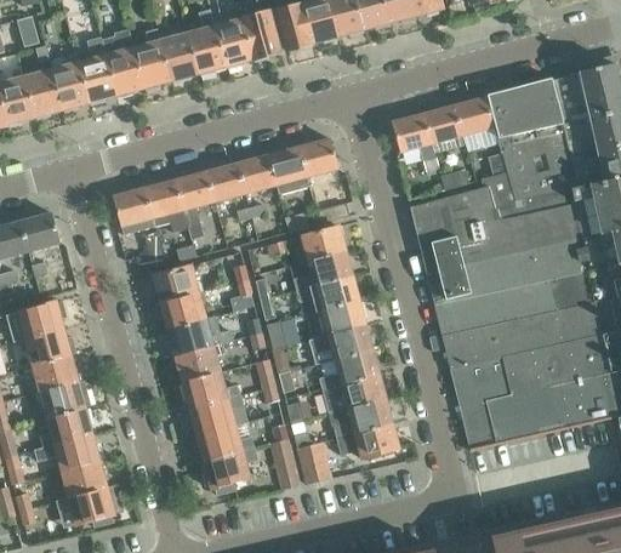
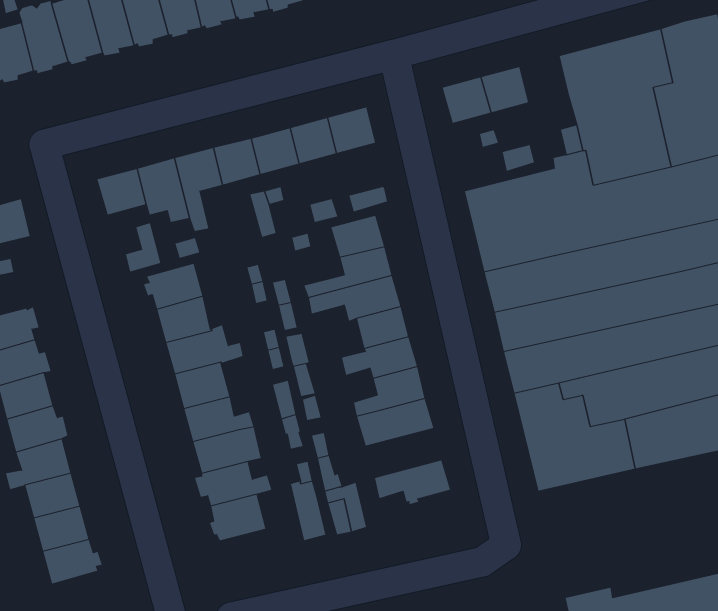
building: [455,97,494,135] -> none
building: [330,398,392,438] -> none

